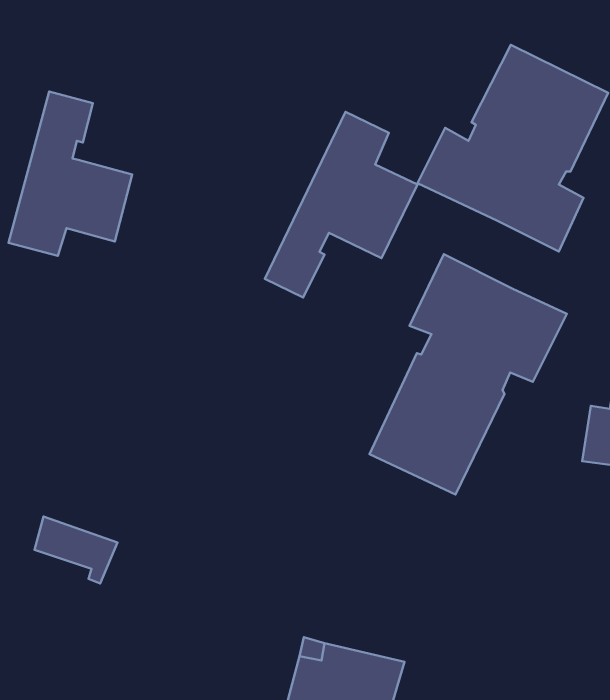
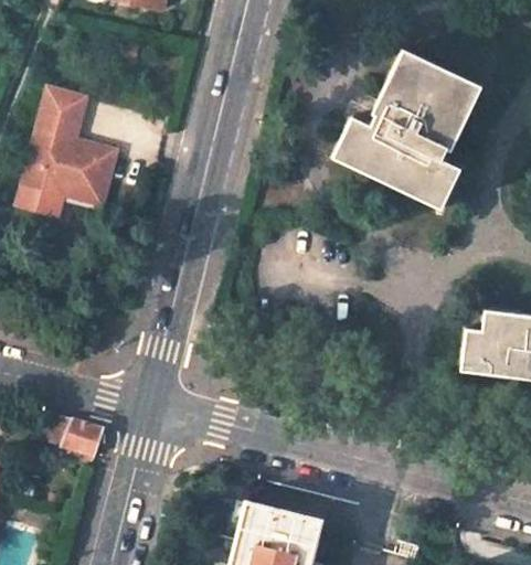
building: [265,112,418,297] -> none
building: [370,254,567,495] -> none

